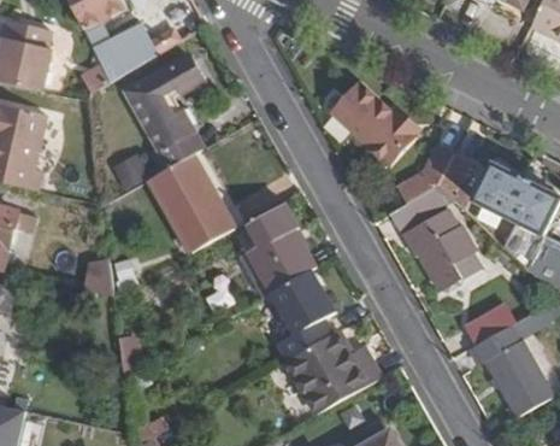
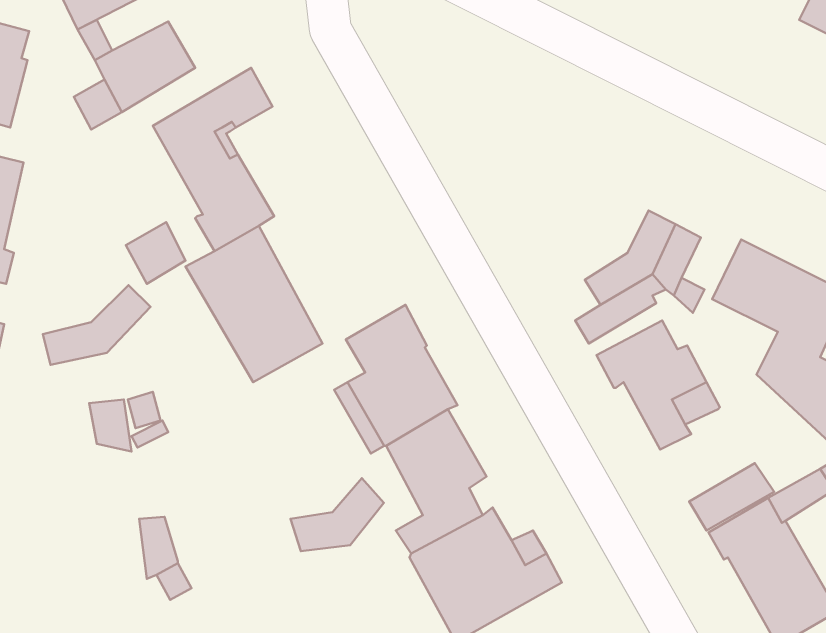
building: [332,83,417,164] -> none
building: none -> [43,285,151,365]
building: none -> [291,478,384,551]

